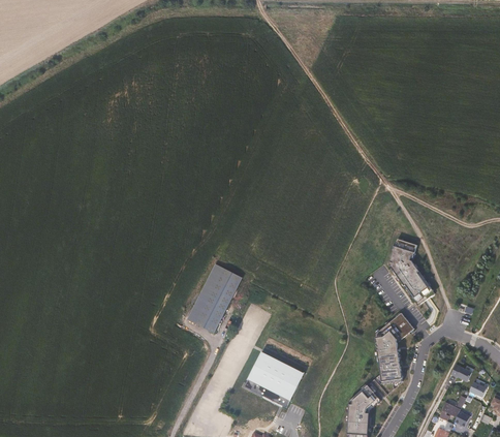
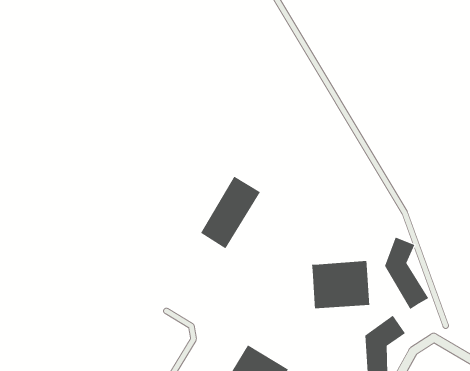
building: none -> [312,260,370,309]
building: [187,263,242,334] -> [200,176,261,249]

